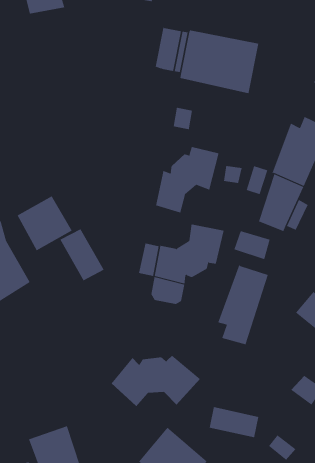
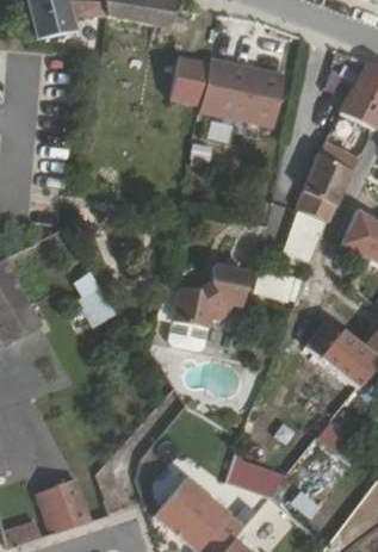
building: [155,146,219,214] -> none
building: [17,196,72,251] -> none
building: [218,264,268,345] -> none
building: [111,355,201,407] -> none

